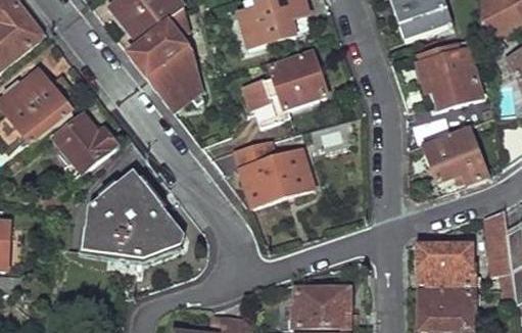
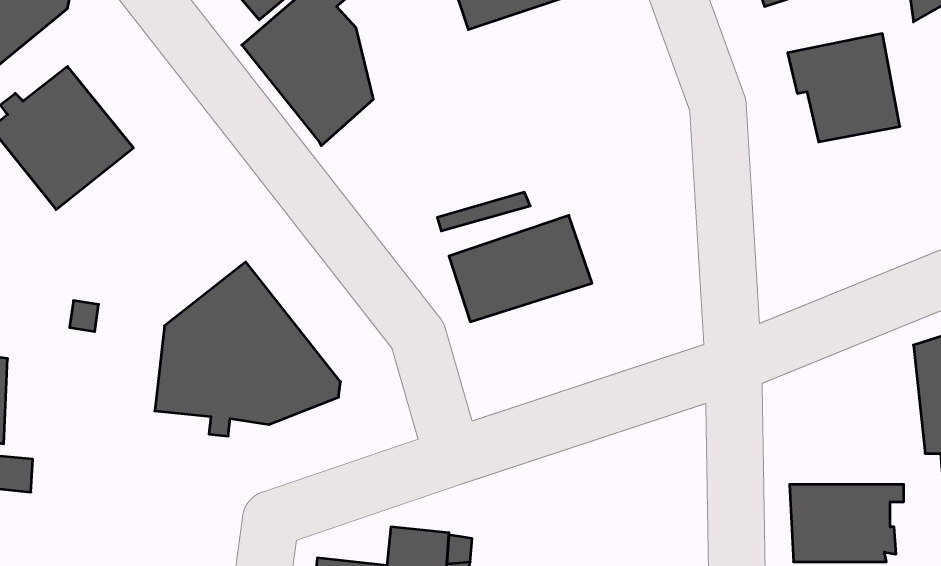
building: [244,52,328,124] -> none
building: [55,114,116,171] -> none
building: [423,128,486,183] -> none
building: [417,244,478,282] -> none
building: [290,288,357,327] -> none

